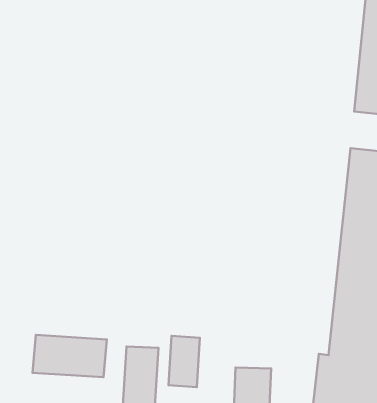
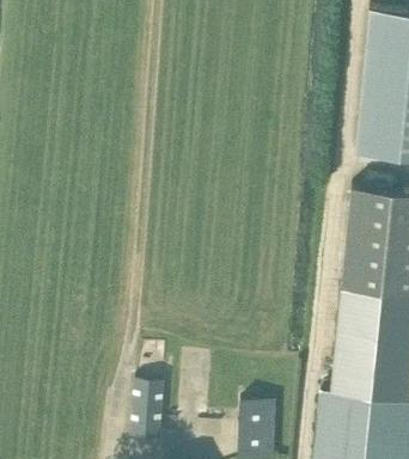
building: [33,335,107,377] -> none
building: [169,336,200,387] -> none

